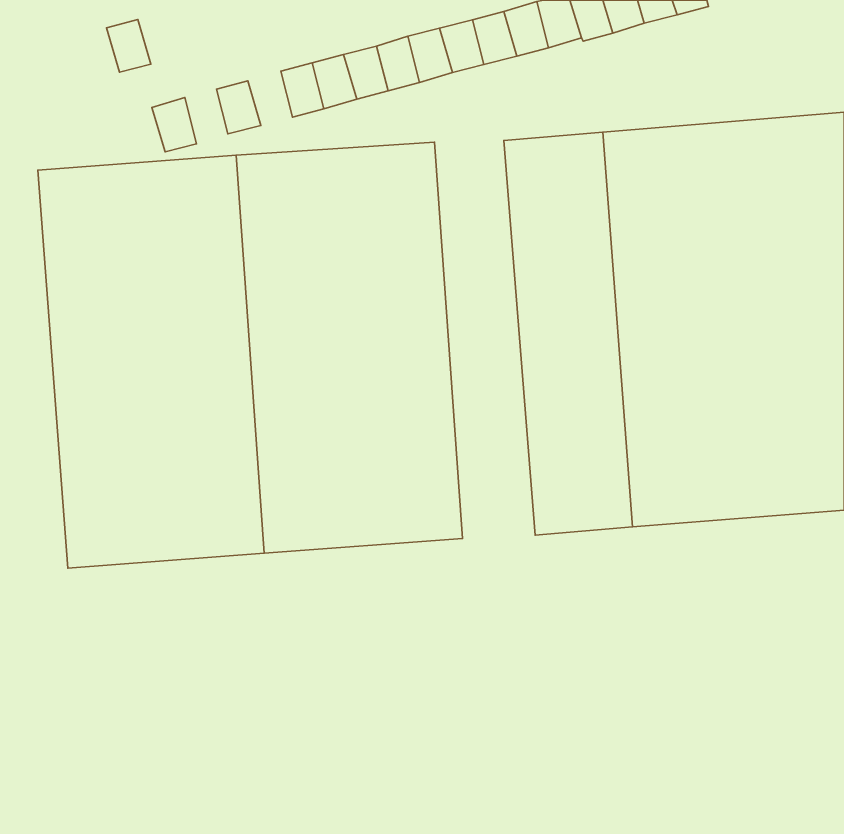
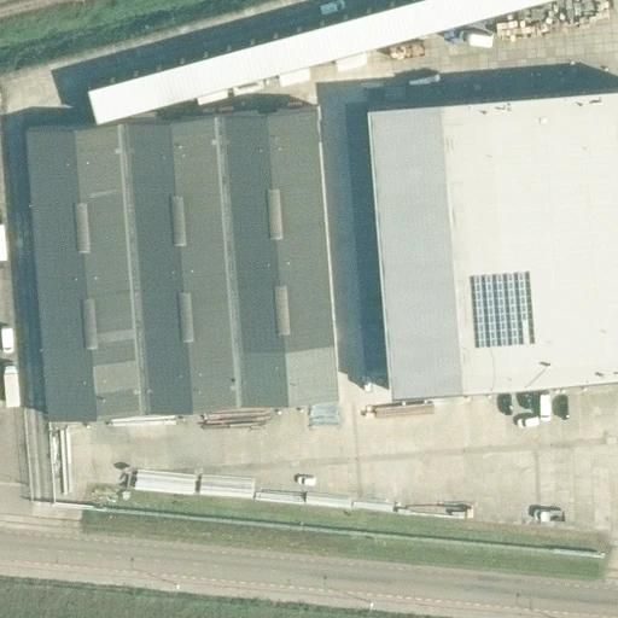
building: [106,19,151,72] -> [88,86,121,124]
building: none -> [181,59,214,99]
building: none -> [135,72,167,112]

